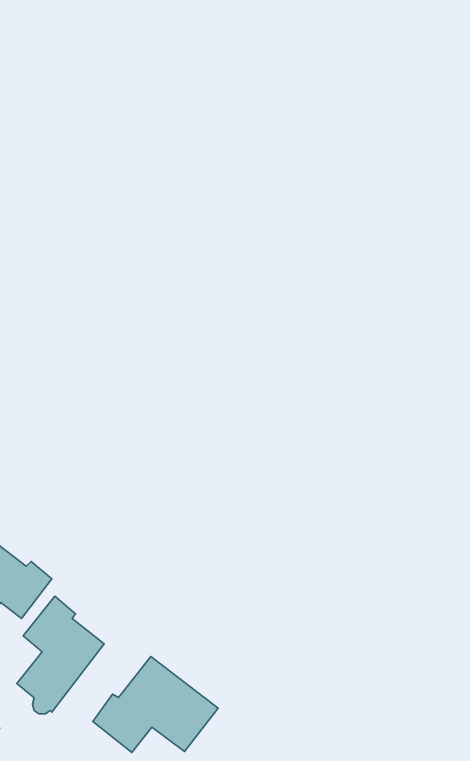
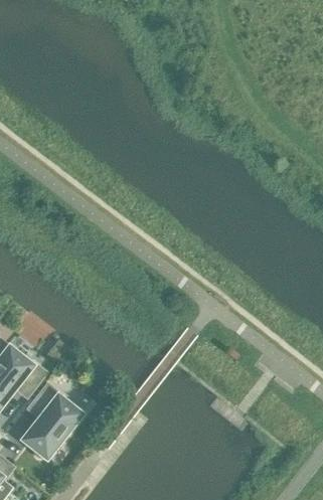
building: [93,656,218,753] -> none

